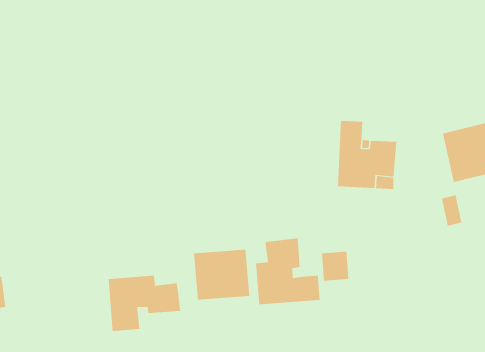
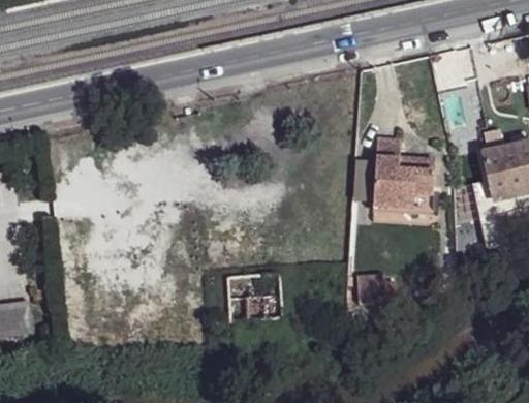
building: [255,237,320,305] -> none
building: [108,275,181,332] -> none

